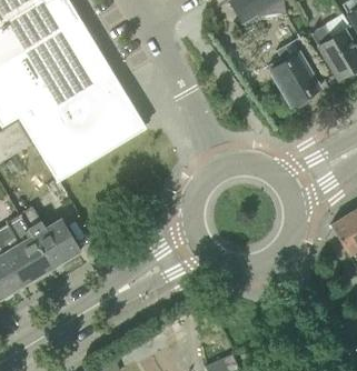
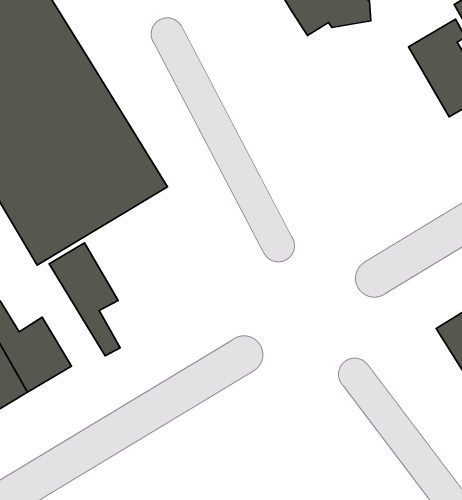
building: [268,37,320,107] -> none
building: none -> [49,243,120,356]

